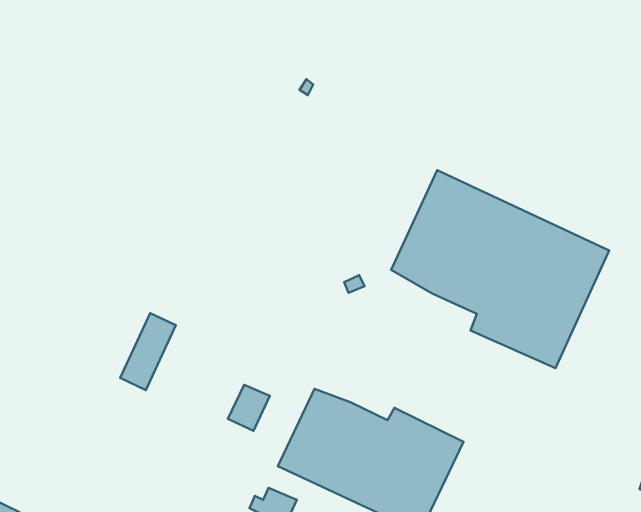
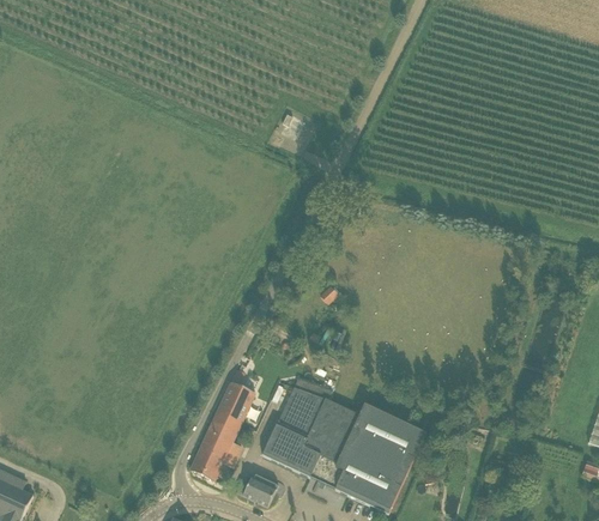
building: [391,170,609,368] -> none
building: [120,313,176,390] -> [190,411,240,479]

